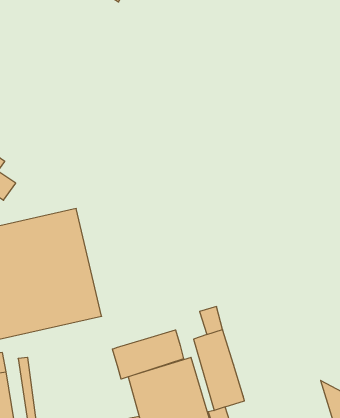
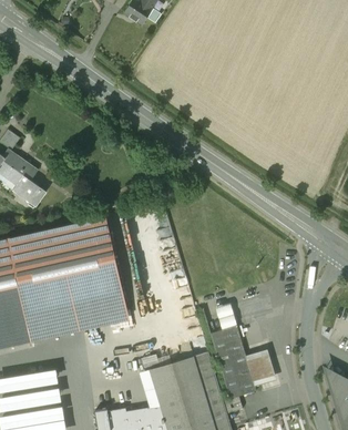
building: [112,330,184,379] -> none
building: none -> [246,351,274,386]

